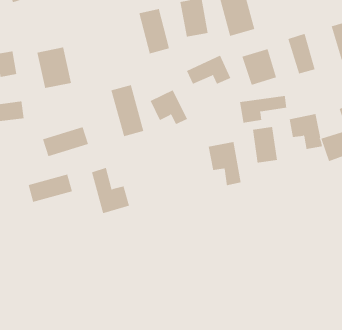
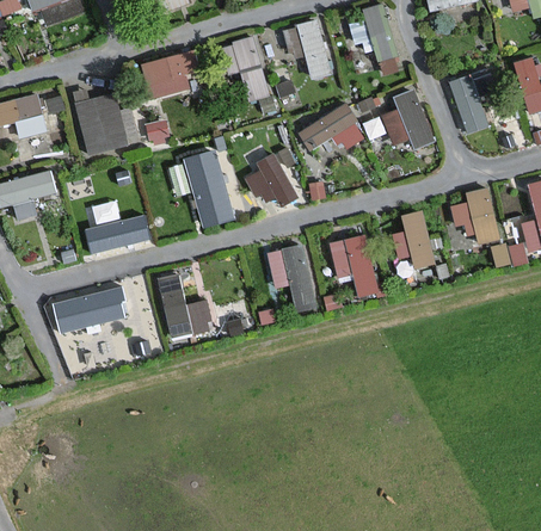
building: none -> [141,53,193,100]
building: [240,95,287,123] -> none
building: none -> [269,243,319,313]

